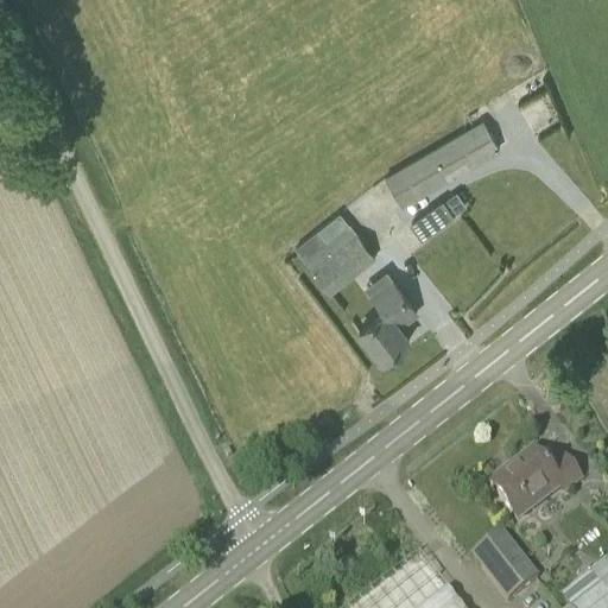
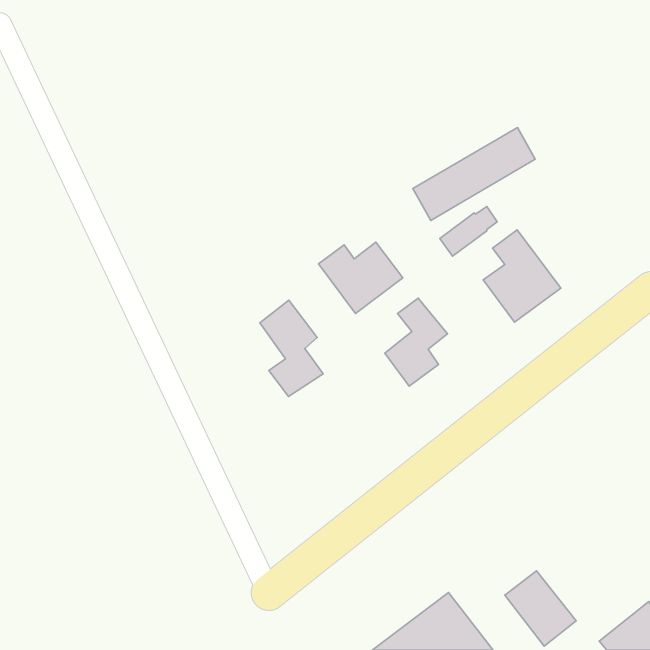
building: none -> [483,230,561,322]
building: none -> [260,300,323,397]
building: [489,451,582,521] -> none

